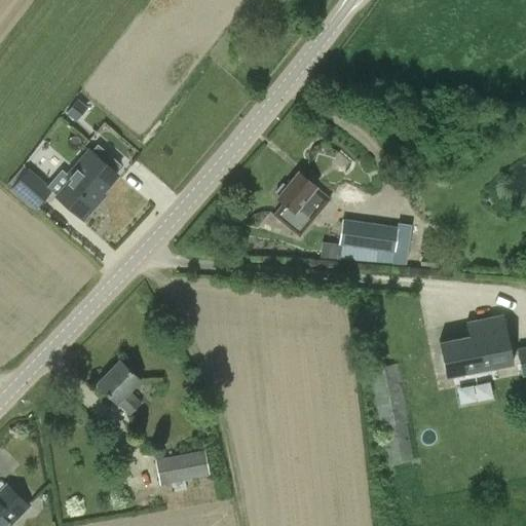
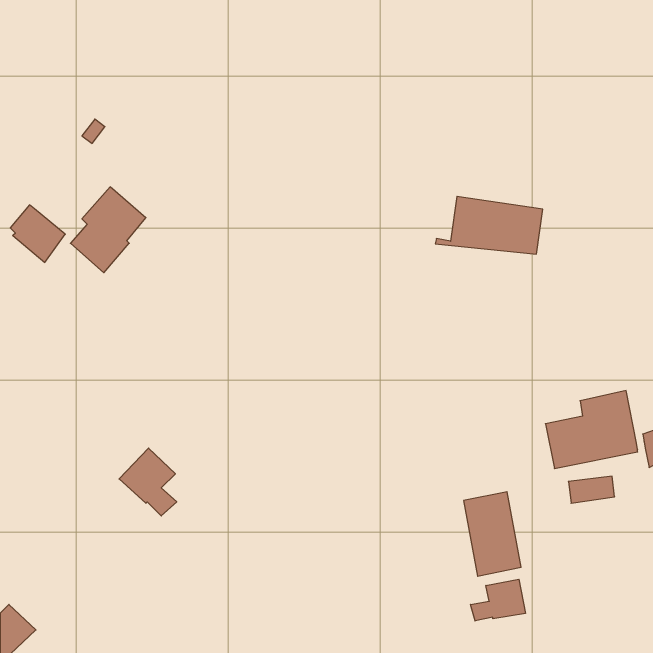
building: [273,173,332,237] -> none
building: [326,219,412,265] -> [435,196,543,254]
building: [155,450,211,492] -> none
building: none -> [471,579,525,621]

